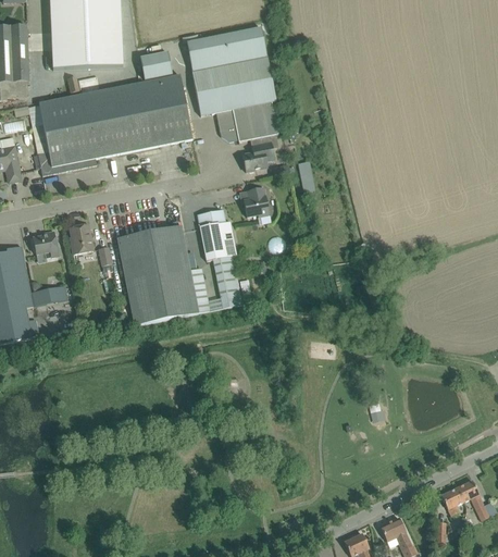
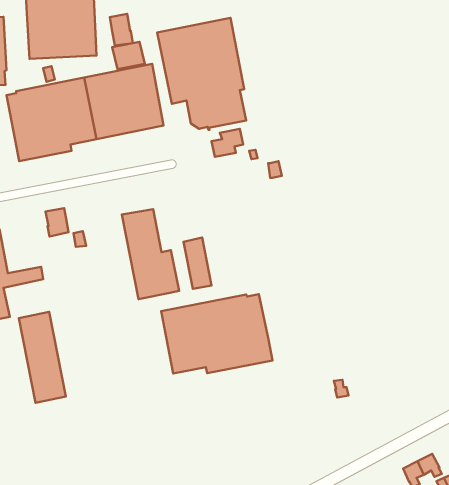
building: none -> [110,14,133,45]
building: [244,187,270,216] -> none
building: [198,209,237,260] -> none
building: [34,231,60,257] -> none
building: [117,231,166,325] -> [19,312,66,403]
building: none -> [161,294,273,373]

